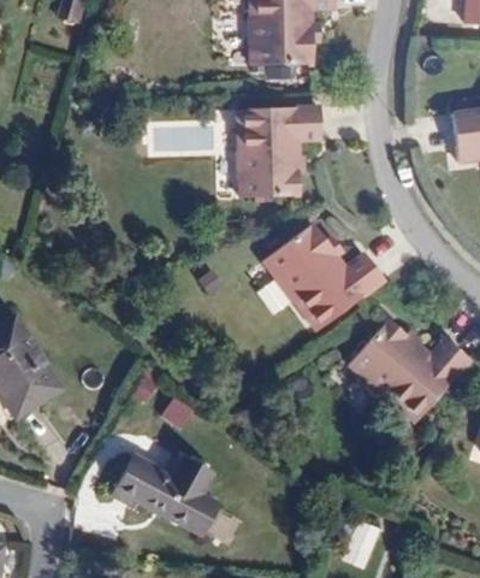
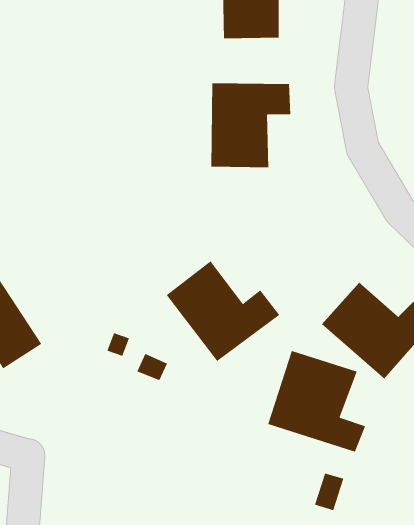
building: [263,223,383,329] -> [166,261,280,362]
building: none -> [268,350,366,453]
building: [113,453,218,531] -> none

